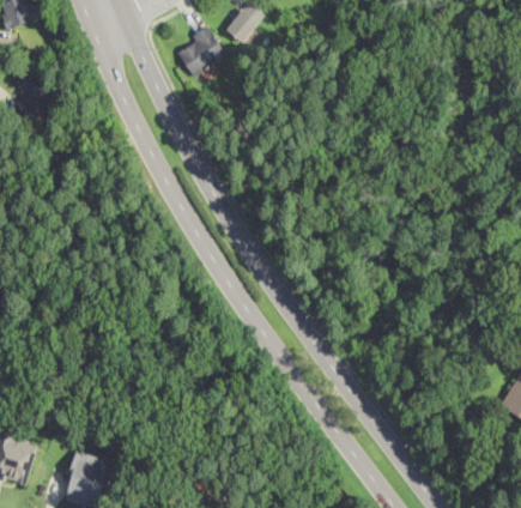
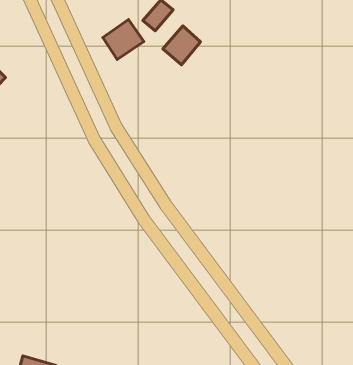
building: none -> [163,26,201,65]

